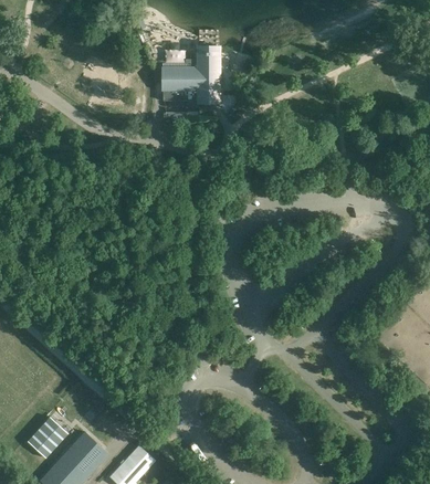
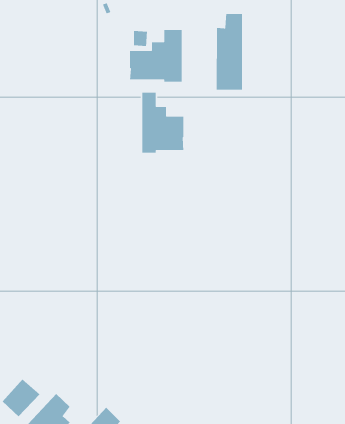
building: none -> [216,13,243,91]
building: none -> [142,92,184,153]

